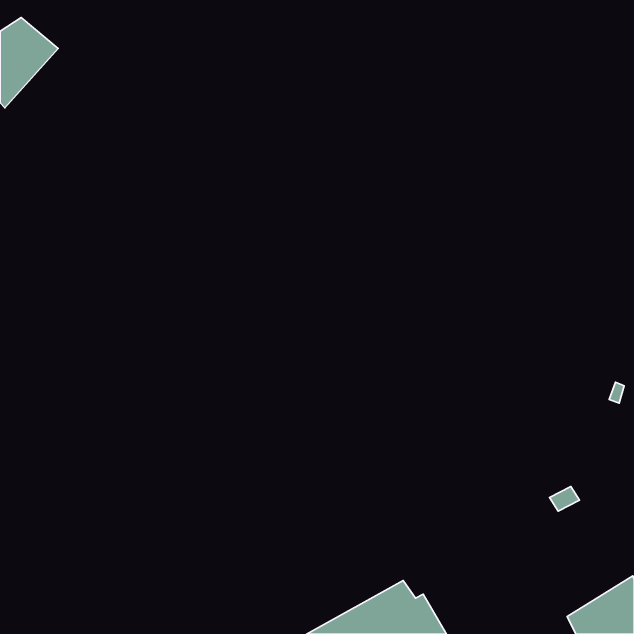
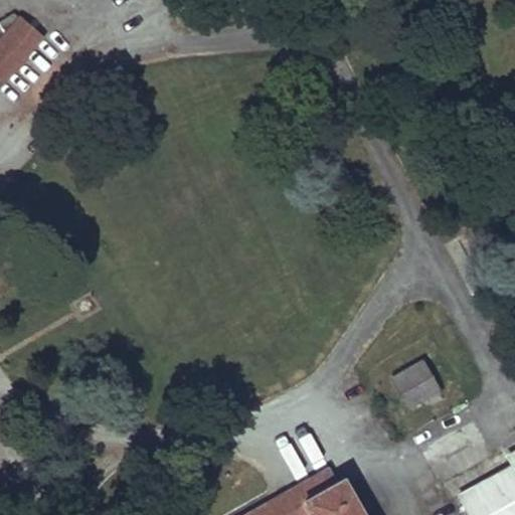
building: none -> [387,361,442,412]

